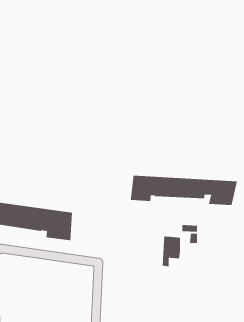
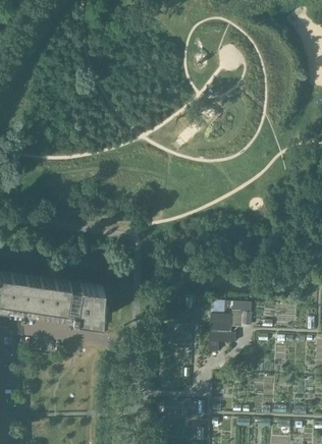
building: [130,175,238,206] -> none

